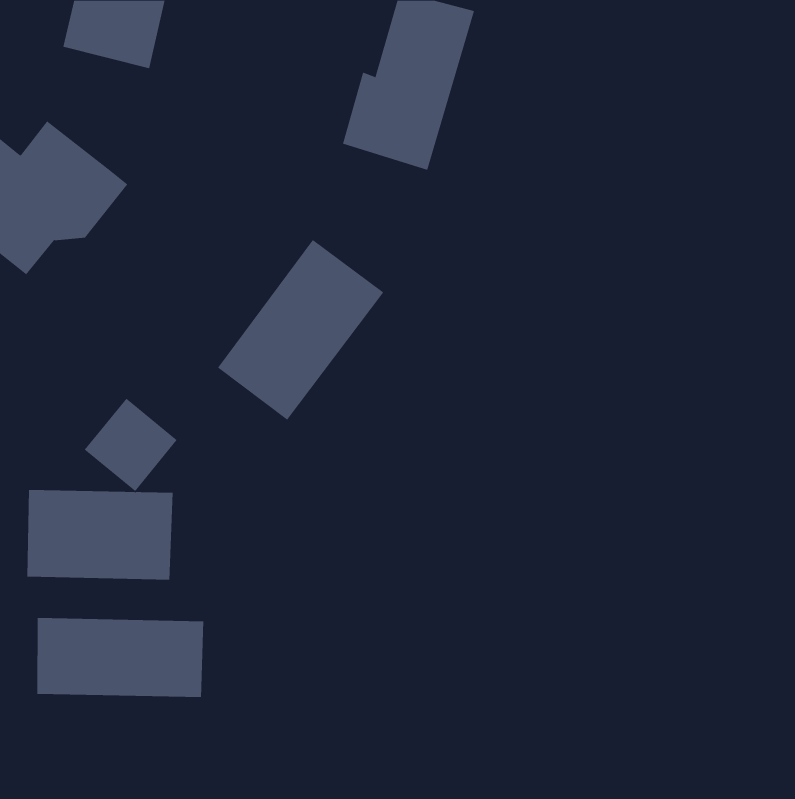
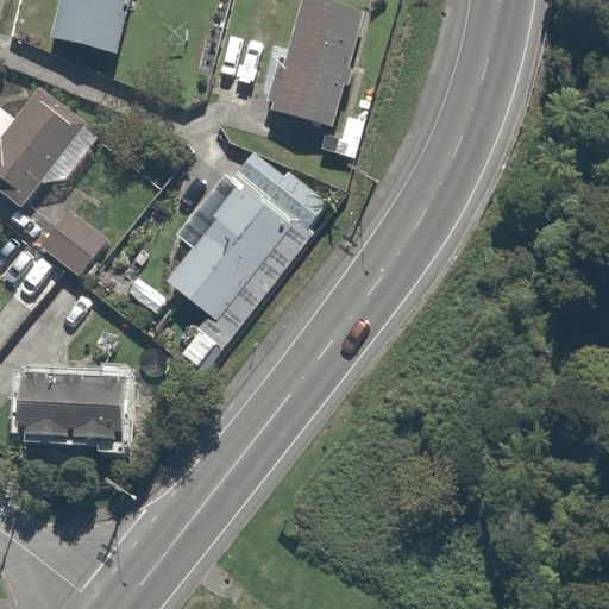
building: none -> [231,145,331,233]
building: [84,398,178,492] -> [39,208,111,280]
building: [37,617,204,698] -> none

